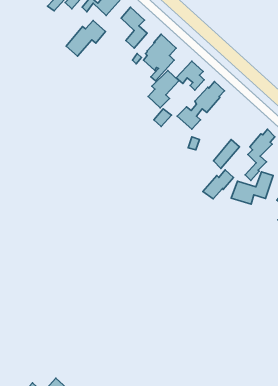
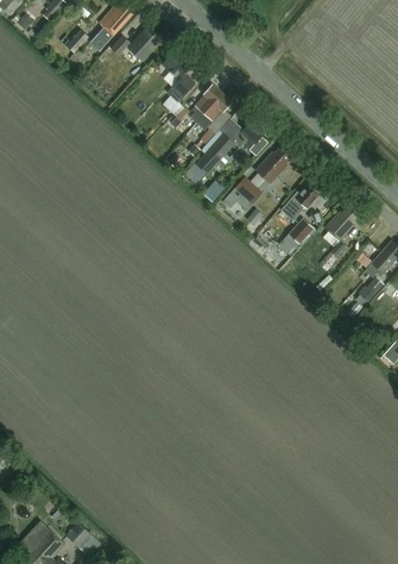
building: [66,21,106,56] -> none
building: [203,170,234,199] -> [282,183,321,220]
building: [231,172,273,204] -> none

